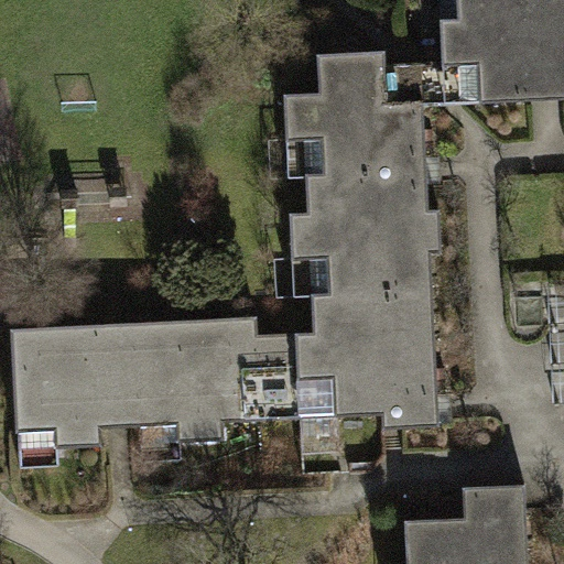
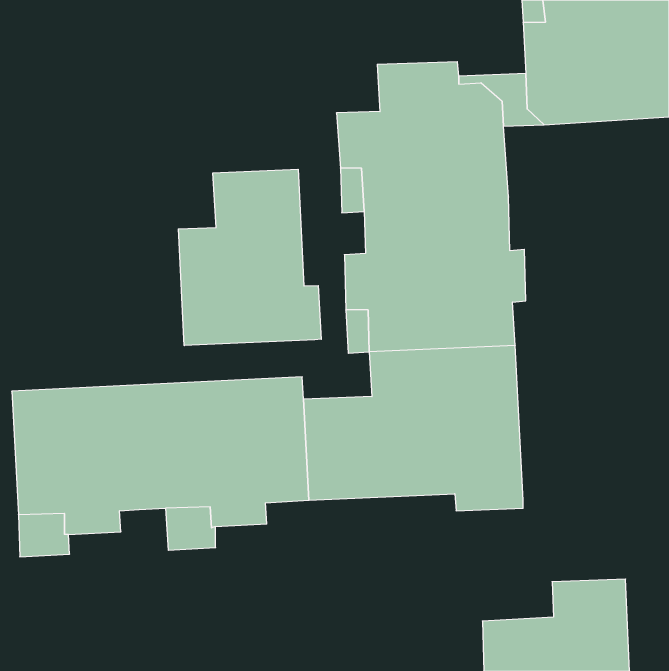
building: none -> [178,169,321,346]

